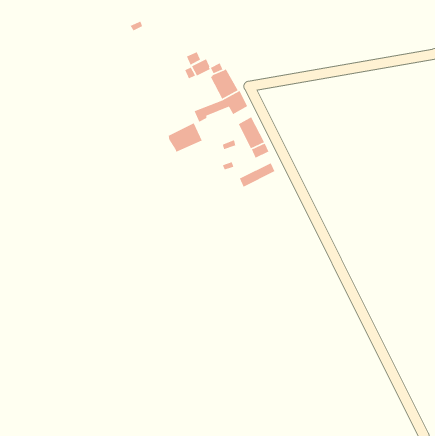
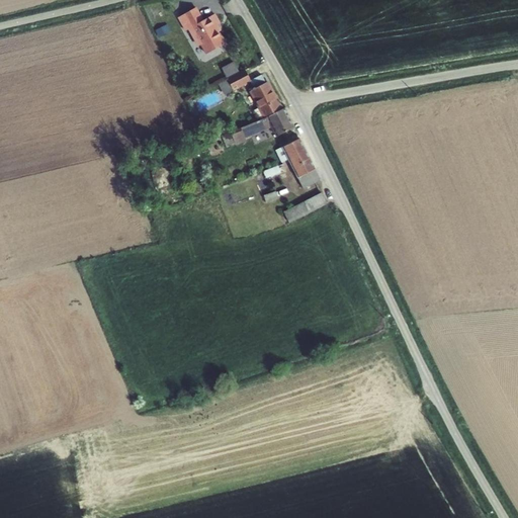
building: none -> [177,6,226,54]
building: [167,122,203,153] -> none

